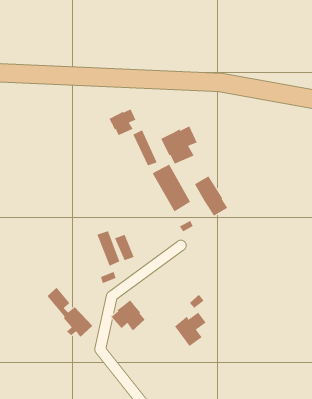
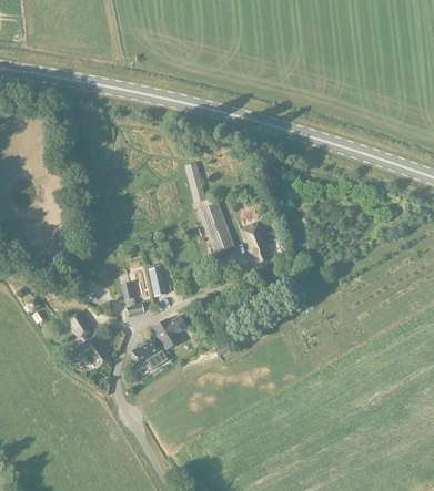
building: [109,108,136,136] -> none
building: [160,125,198,165] -> none
building: [174,312,207,347] -> [153,315,188,349]

